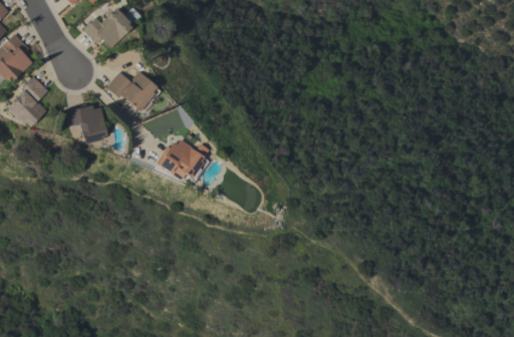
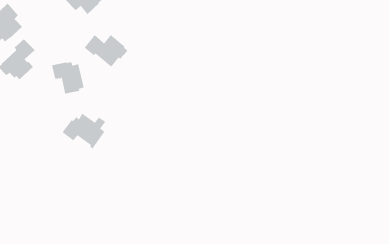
building: [156,138,209,183] -> [62,113,106,149]

